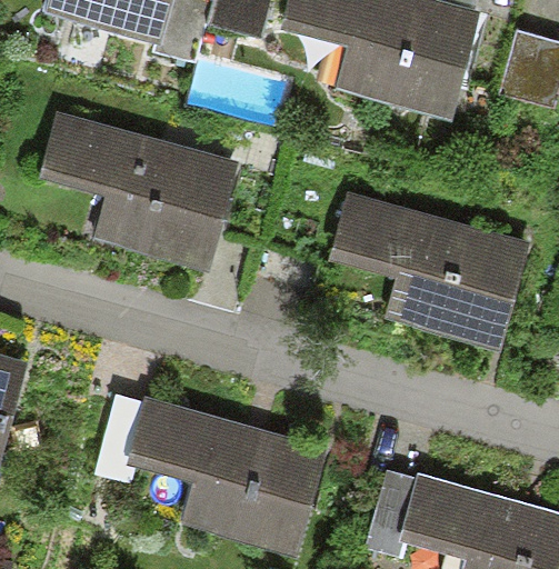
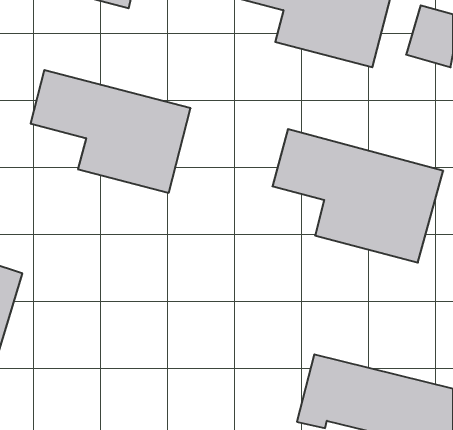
building: [106,396,325,550] -> none

